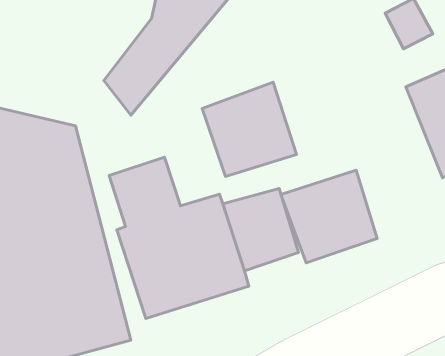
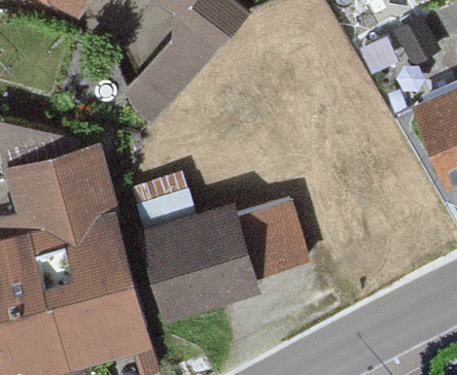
building: [202,82,297,176] -> none
building: [281,170,377,263] -> none

